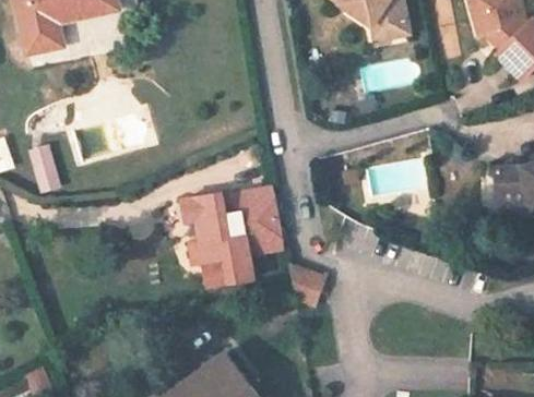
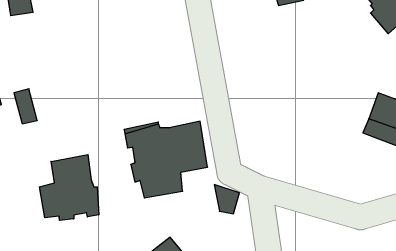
building: none -> [39,155,99,220]

